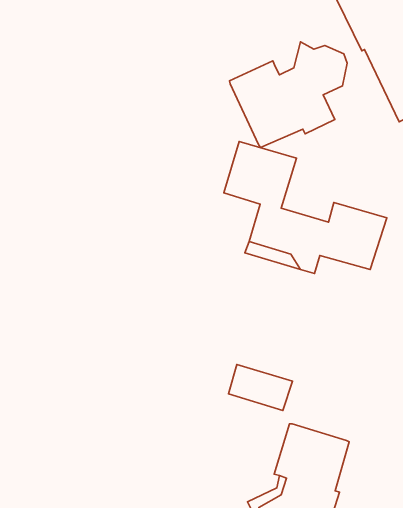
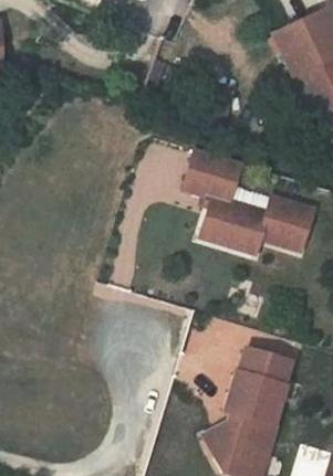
building: [229,42,347,148] -> none
building: [229,365,293,411] -> [239,348,290,384]

